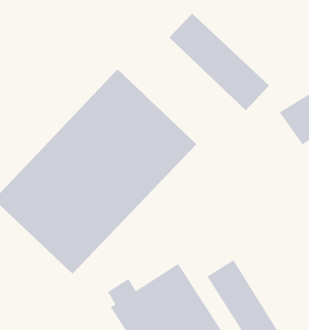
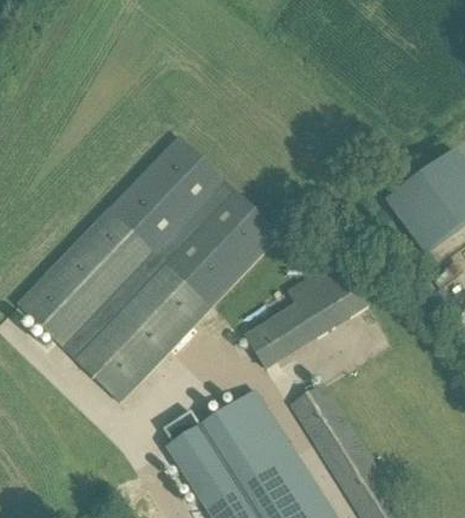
building: [168,13,270,111] -> none
building: none -> [249,260,372,372]

